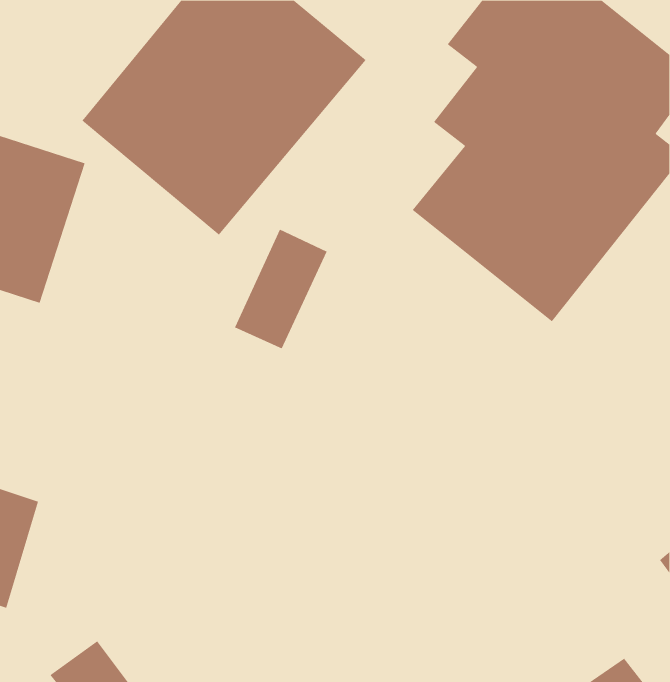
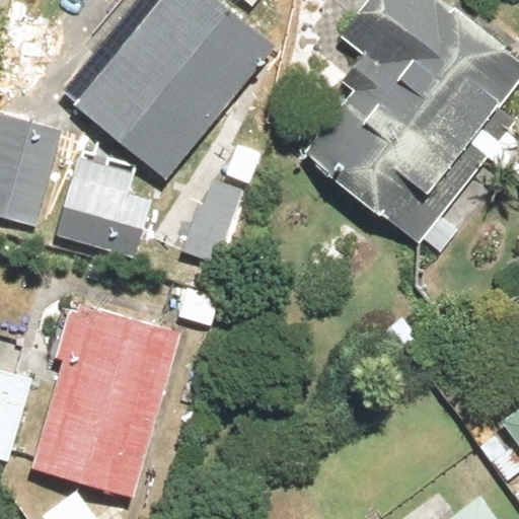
building: none -> [54,157,151,260]
building: none -> [30,304,183,500]

